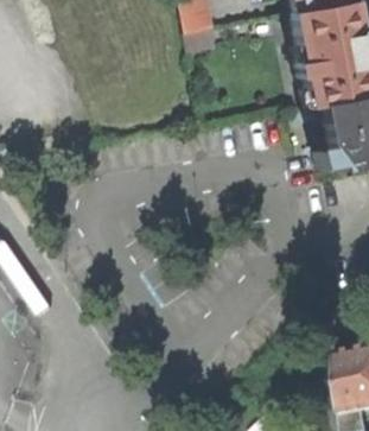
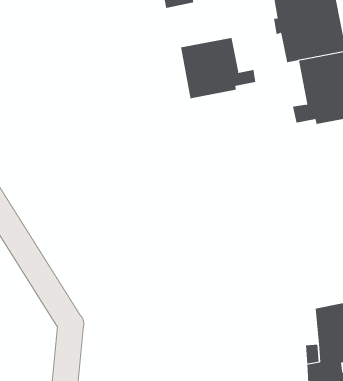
building: none -> [181,37,256,99]

